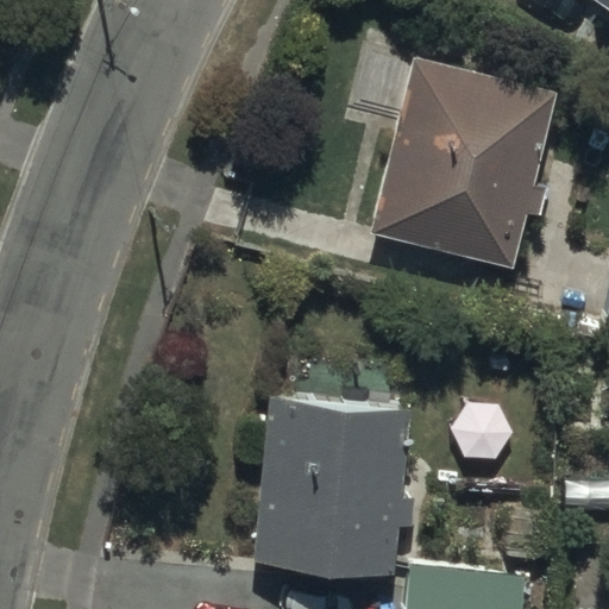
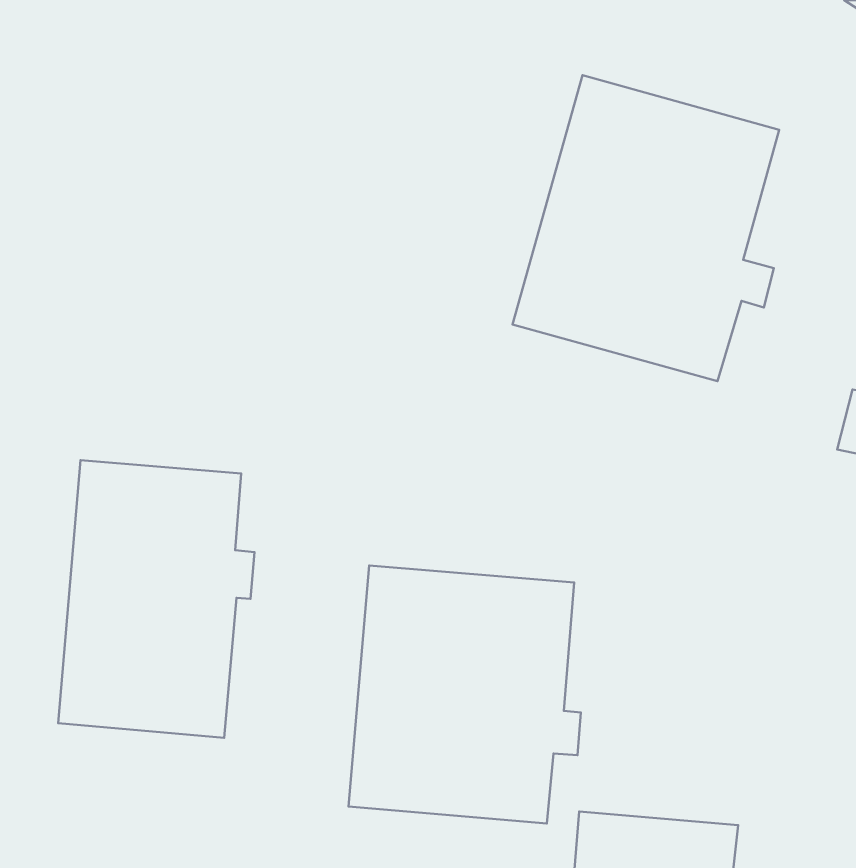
building: none -> [58,460,255,738]

